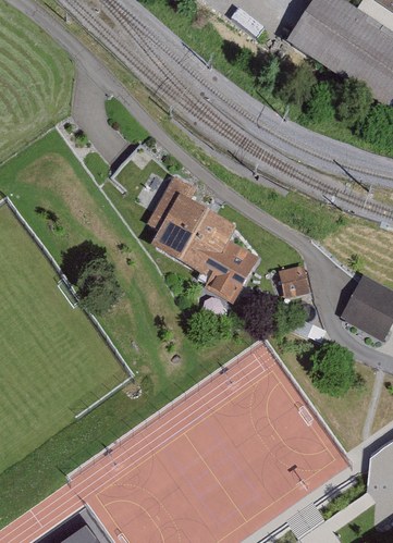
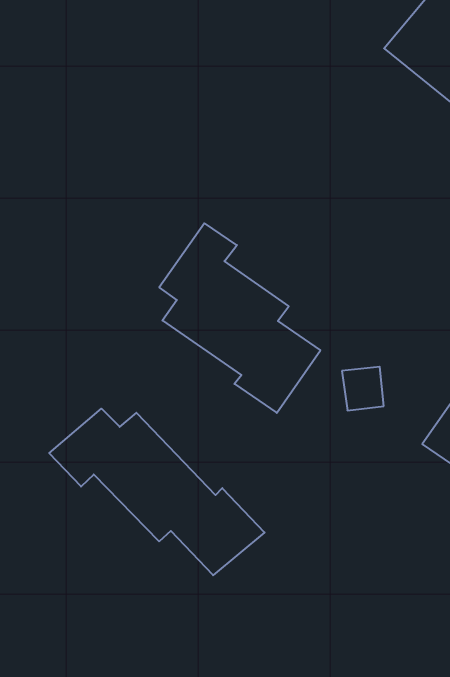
building: none -> [49,409,265,575]

